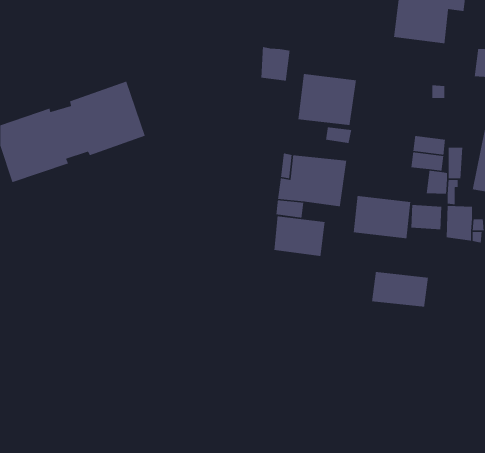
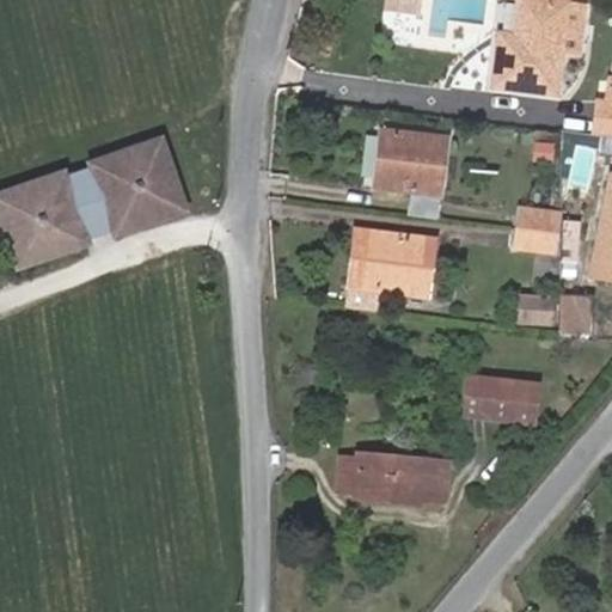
building: [261,46,290,82] -> none
building: [353,195,411,239] -> none
building: [274,216,326,257] -> none
building: none -> [339,453,449,501]

